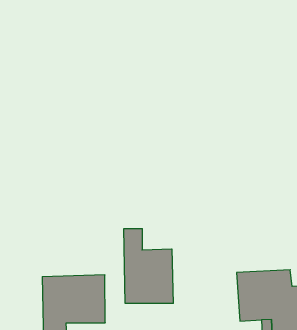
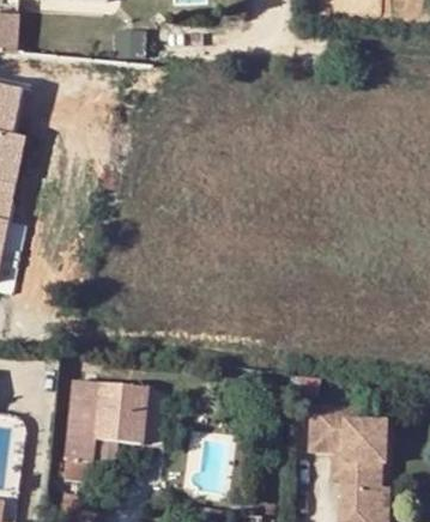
building: [124,229,173,303] -> none

